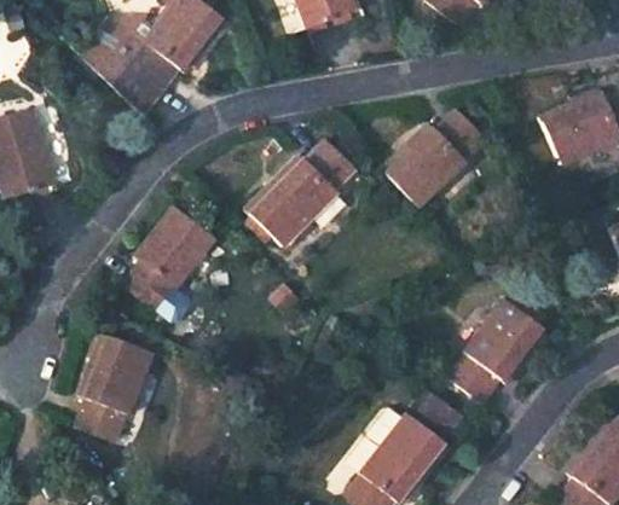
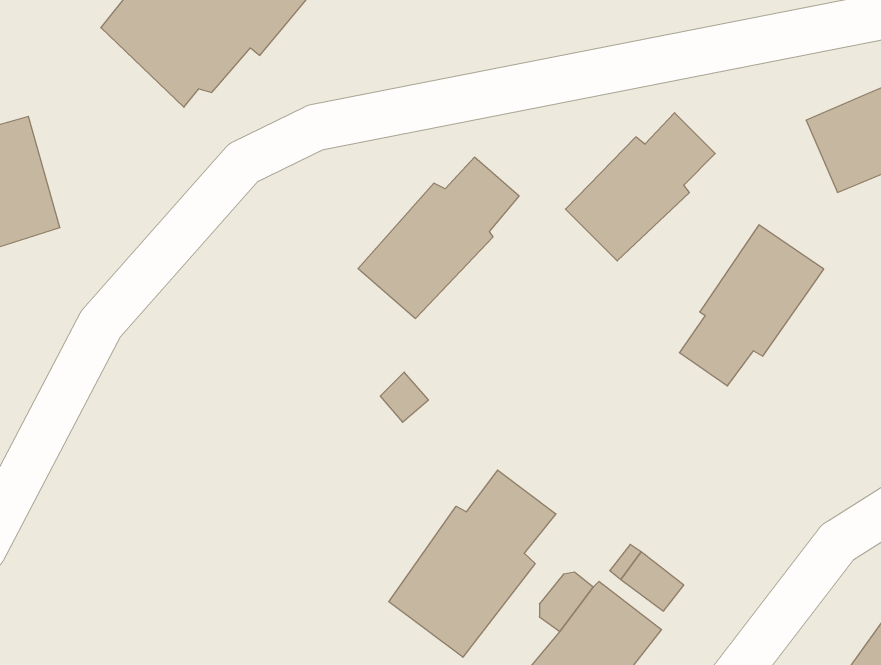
building: [122,207,212,309] -> none
building: [450,297,544,402] -> [679,225,824,386]
building: [76,338,149,442] -> none
building: none -> [389,470,556,657]

